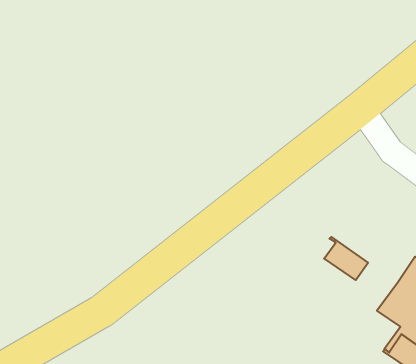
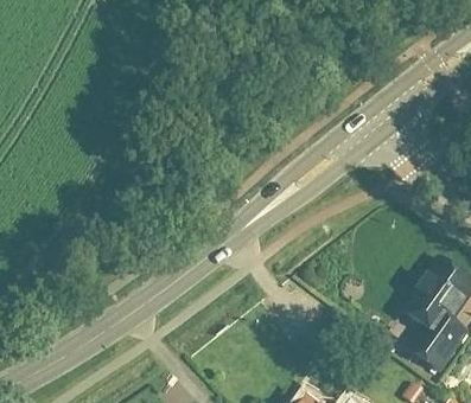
building: [324,237,368,280] -> none

